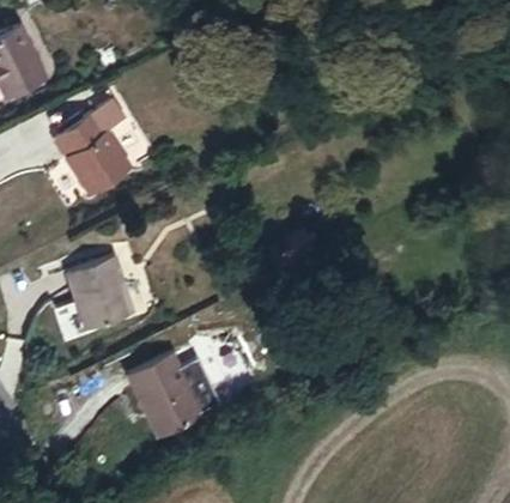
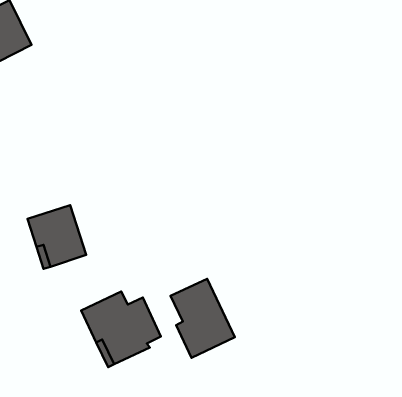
building: [47,101,127,200] -> none
building: none -> [171,279,235,358]

